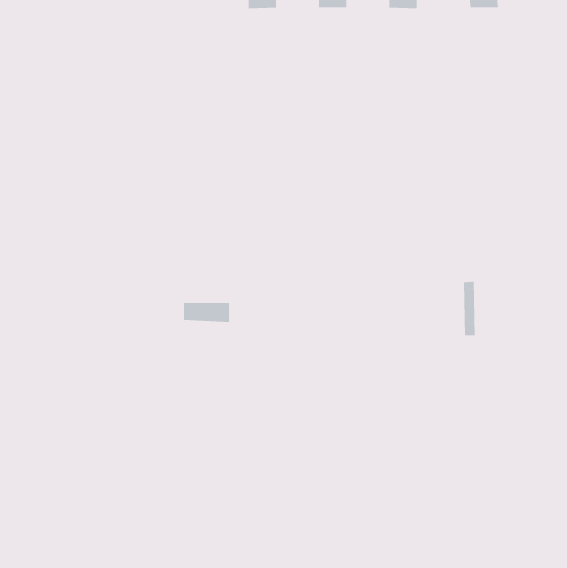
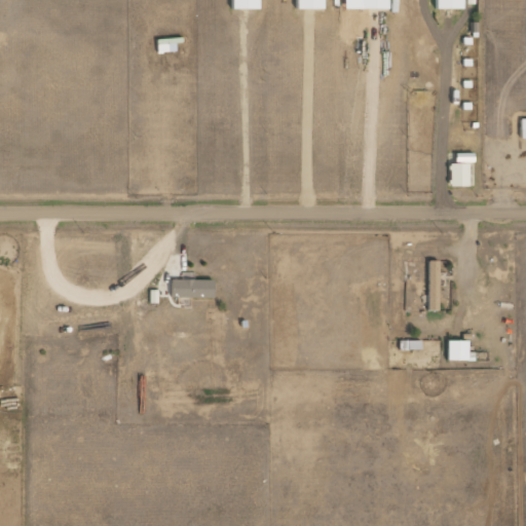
building: none -> [451,161,471,185]
building: none -> [448,339,468,360]

